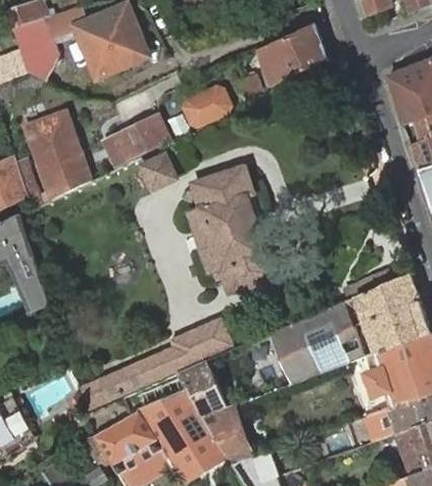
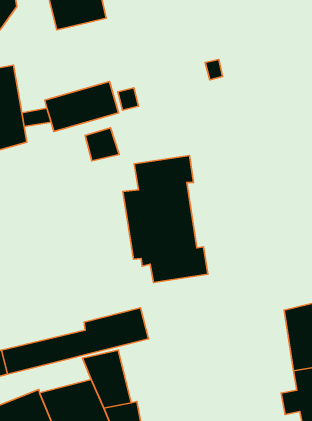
building: [255,23,329,85] -> none
building: [188,91,232,126] -> none
building: [267,301,363,384] -> none

